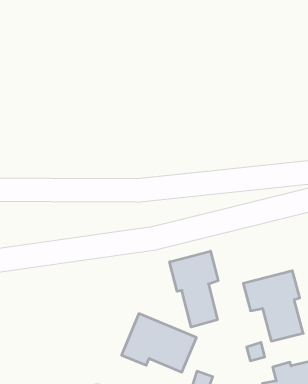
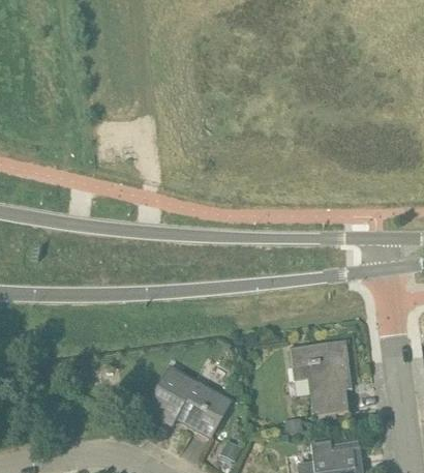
building: [170,251,218,327] -> none

